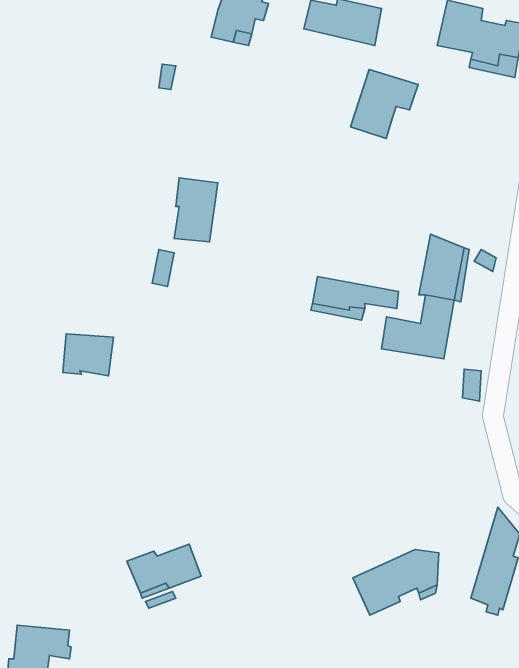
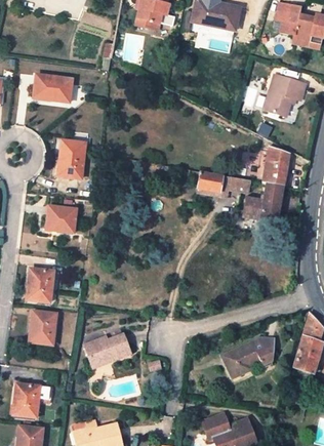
building: [351,69,418,139] -> [264,74,305,116]
building: none -> [33,74,72,102]
building: [174,178,218,242] -> [58,138,85,177]
building: none -> [26,267,53,301]
building: none -> [30,310,56,346]

